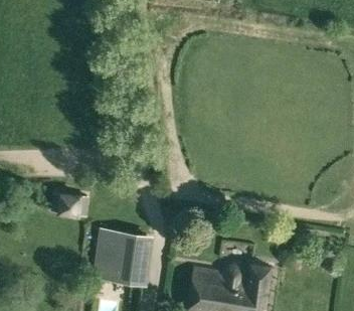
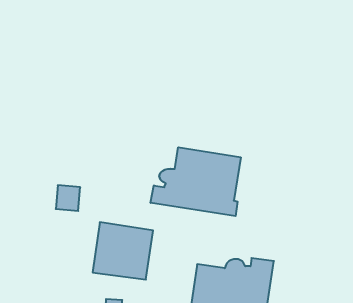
building: none -> [151,147,241,216]

